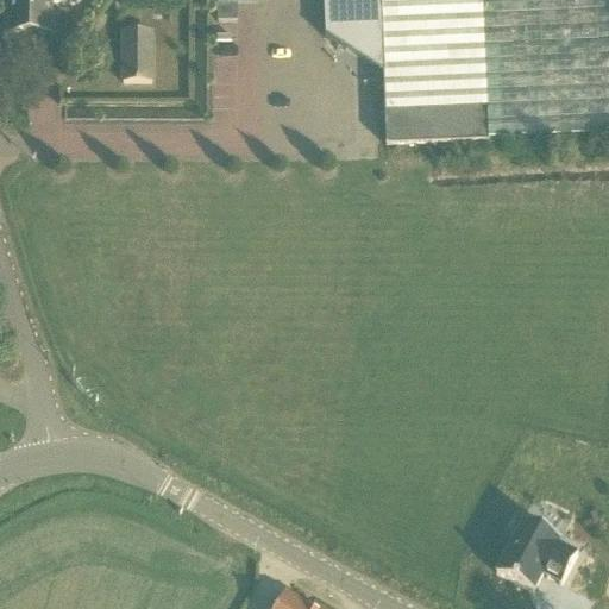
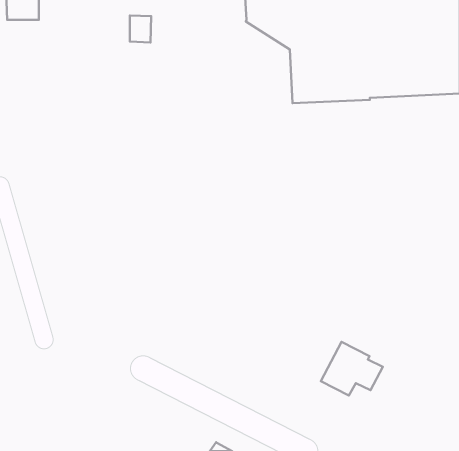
building: [125,39,153,75] -> [130,15,151,42]
building: [497,513,579,584] -> [321,342,383,396]

